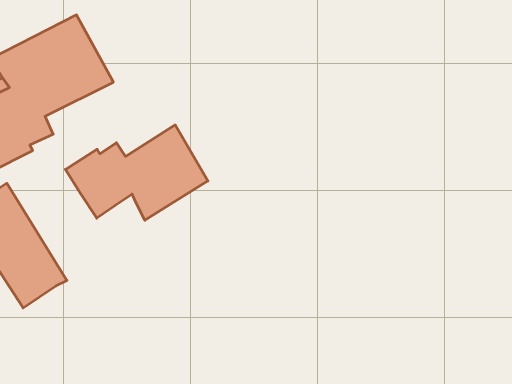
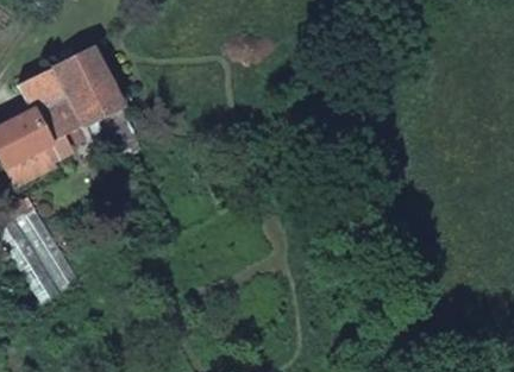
building: [65,125,208,220] -> none

